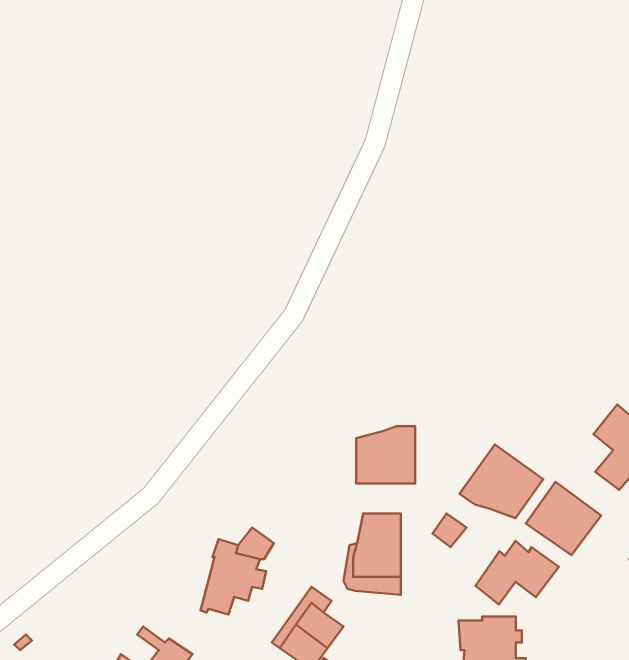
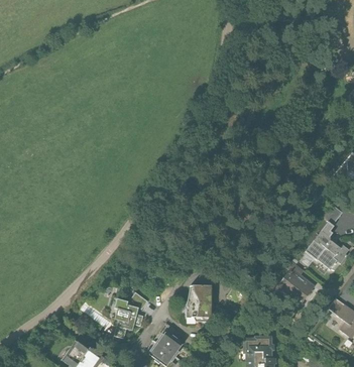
building: [356,426,415,483] -> none
building: [460,445,543,518] -> none
building: [476,541,559,605] -> none

